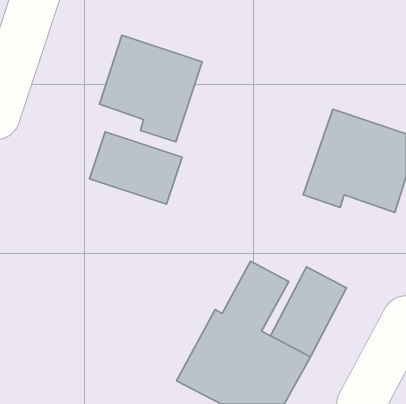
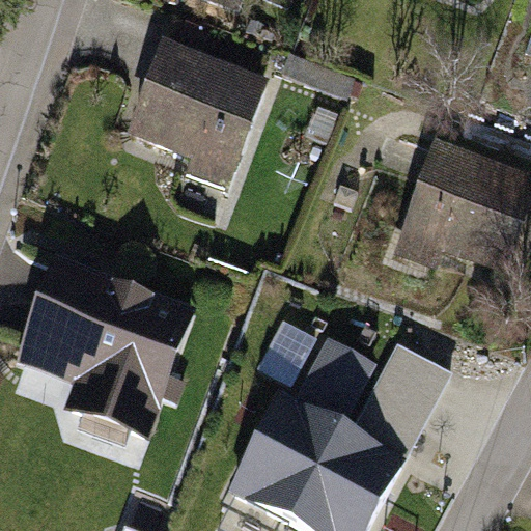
building: [90,132,182,204] -> none
building: none -> [20,261,191,434]

